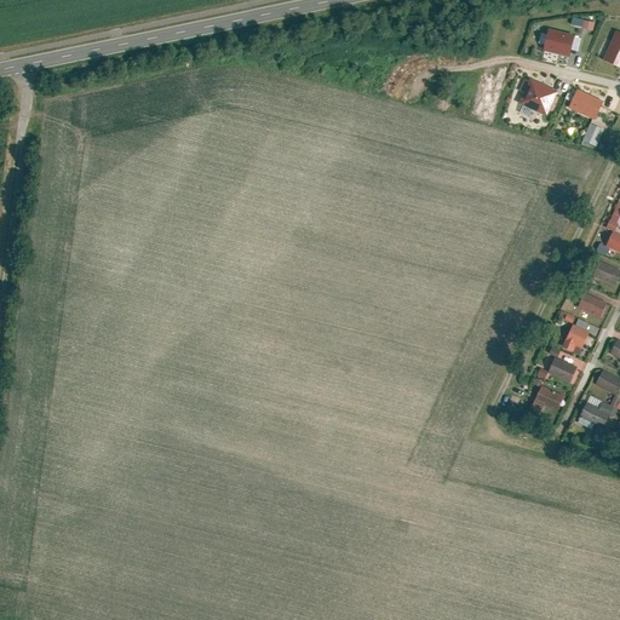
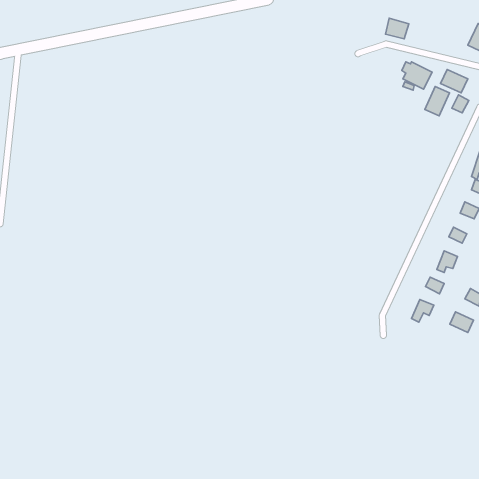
building: [545,29,575,56] -> [385,18,409,39]
building: none -> [425,86,450,116]

